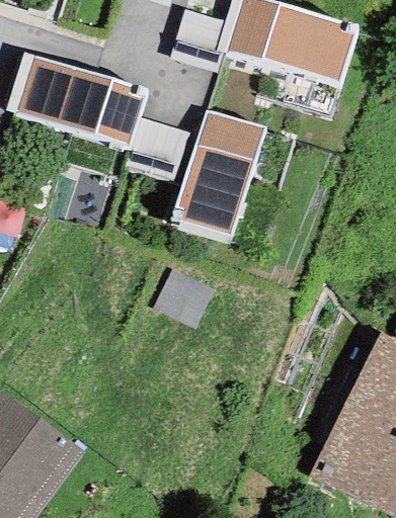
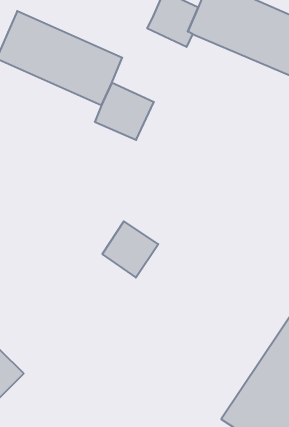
building: [176,108,265,235] -> none

